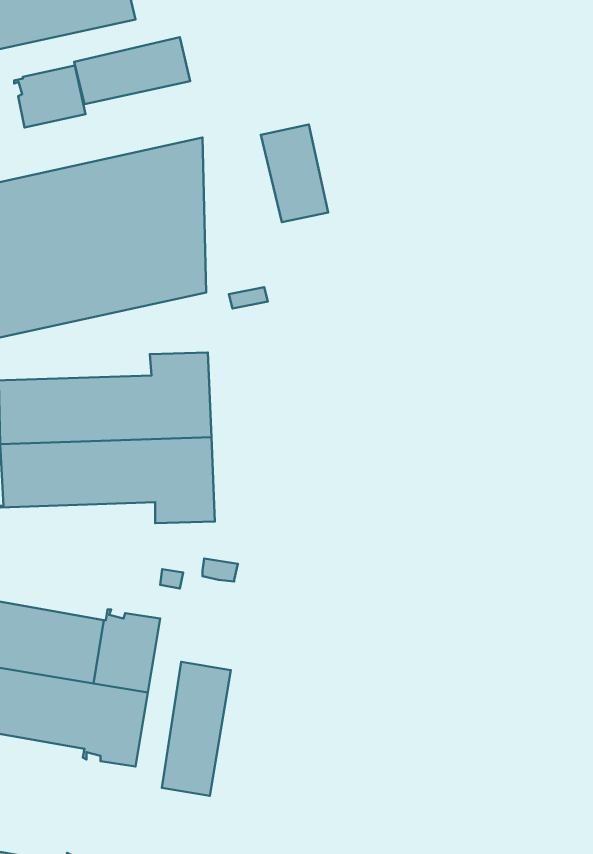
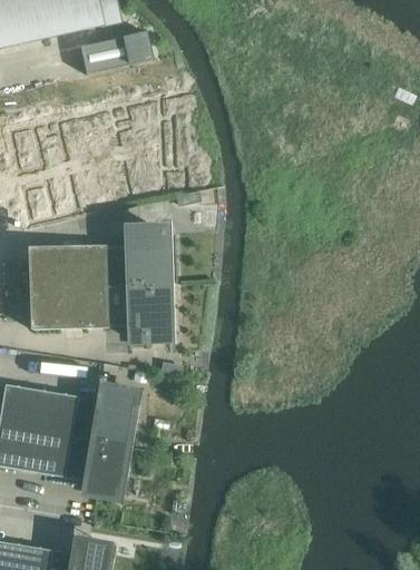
building: [14,65,85,128] -> none
building: [261,125,328,222] -> none
building: [162,662,231,796] -> none

